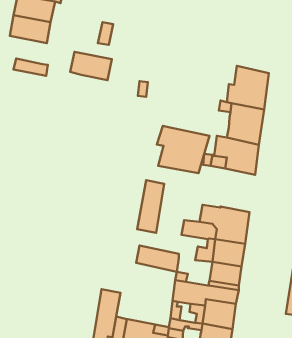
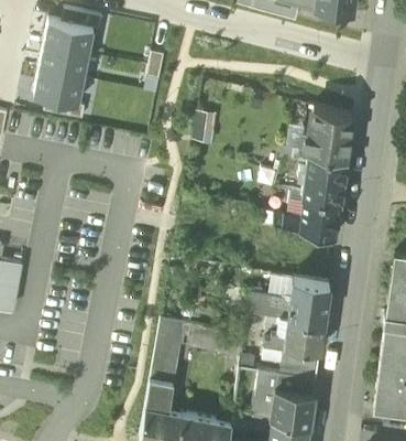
building: [70,52,112,80] -> [33,73,84,107]
building: [157,126,210,173] -> none
building: [137,180,164,233] -> [150,321,183,385]

